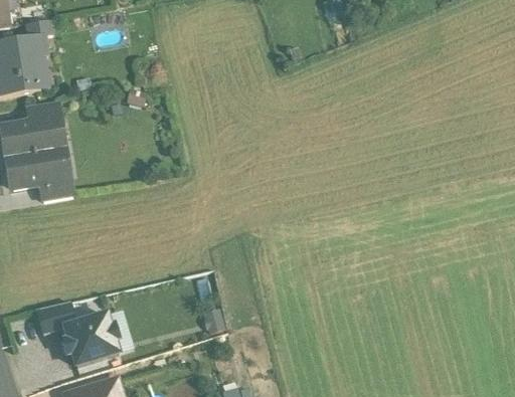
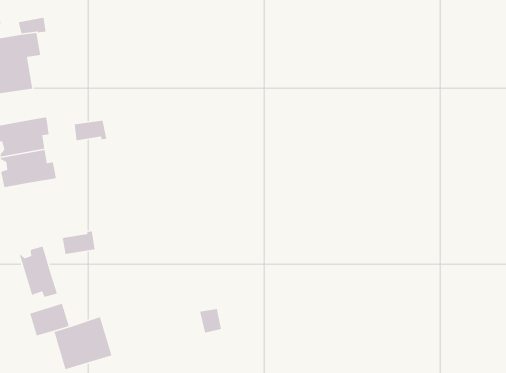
building: [27,101,60,122] -> [74,120,107,141]
building: [39,176,72,200] -> [62,230,96,255]
building: none -> [19,246,58,298]

